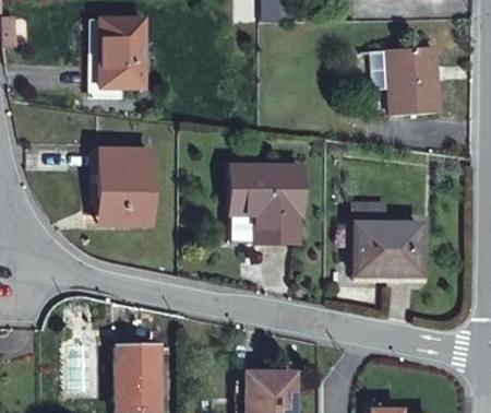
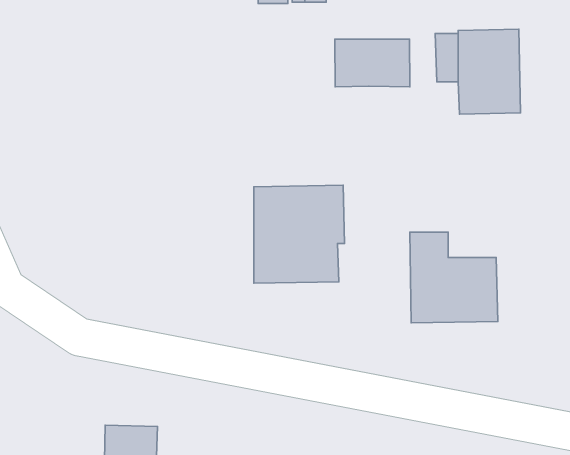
building: [98,30,142,98] -> none
building: none -> [335,39,410,87]
building: [101,154,154,227] -> none

